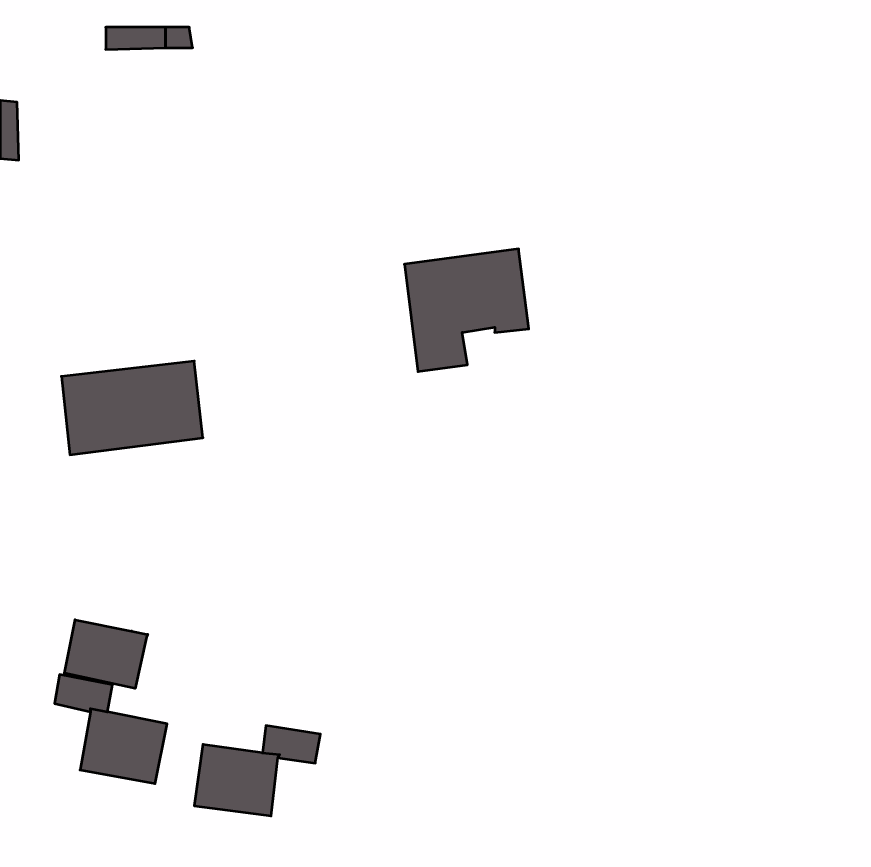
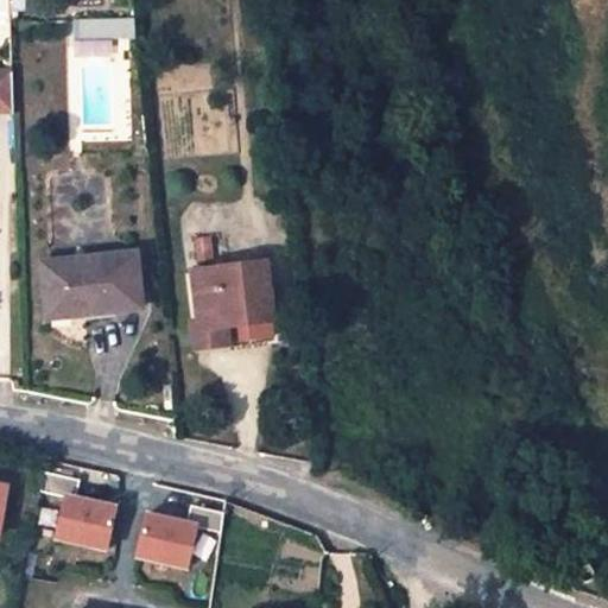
building: [404,249,529,372] -> [185,259,272,344]
building: [64,620,148,688] -> none

